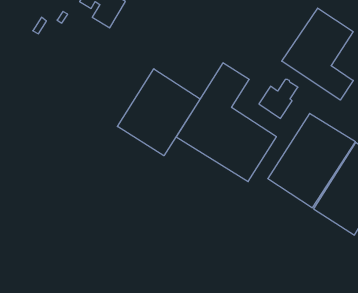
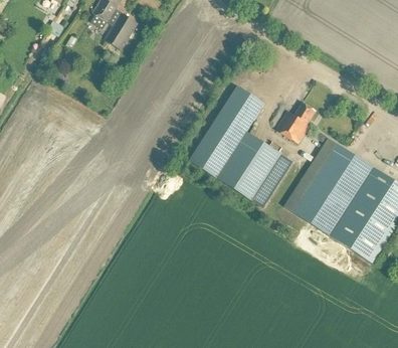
building: [282,8,353,100] -> none
building: [117,69,200,156] -> none

